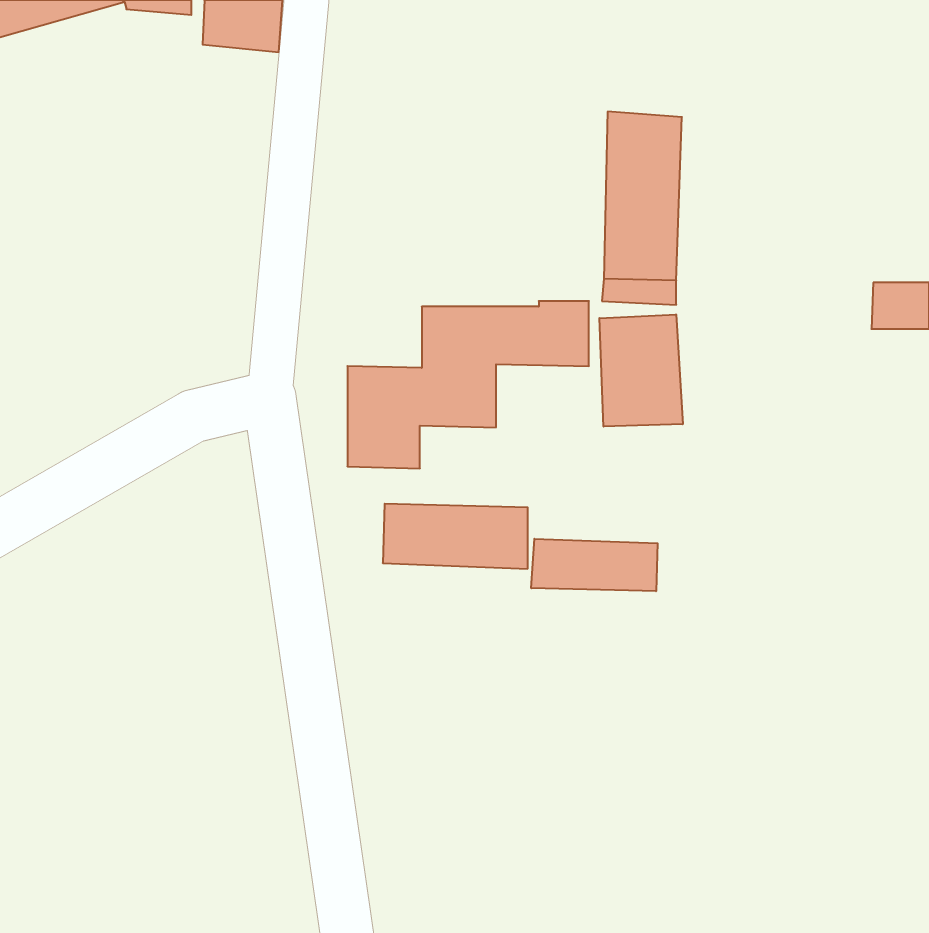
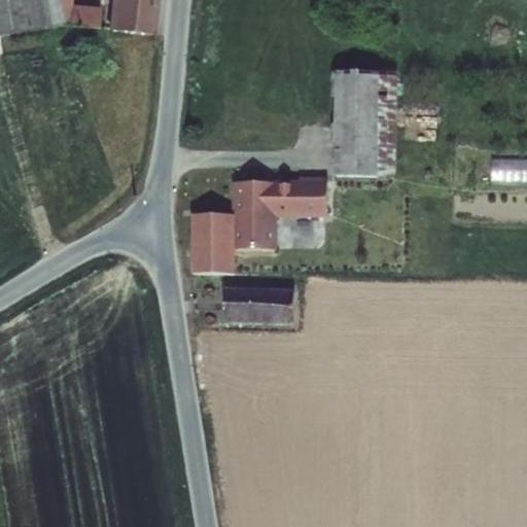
building: [599,314,683,427] -> none
building: [531,539,658,591] -> none

